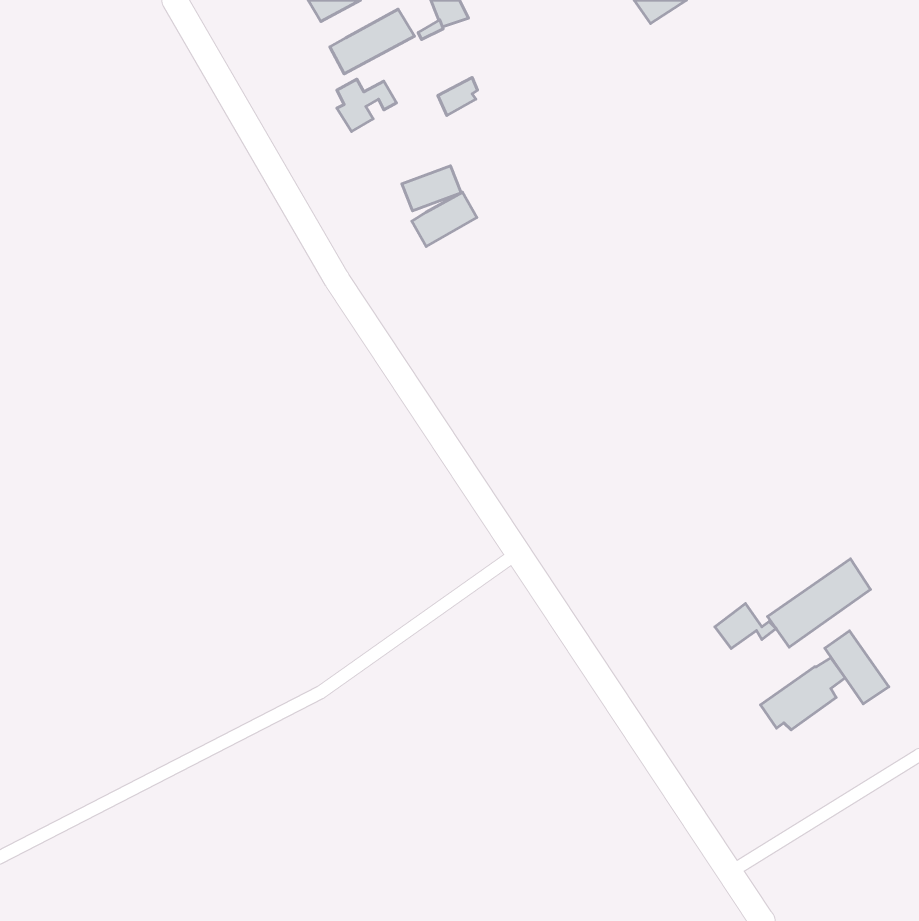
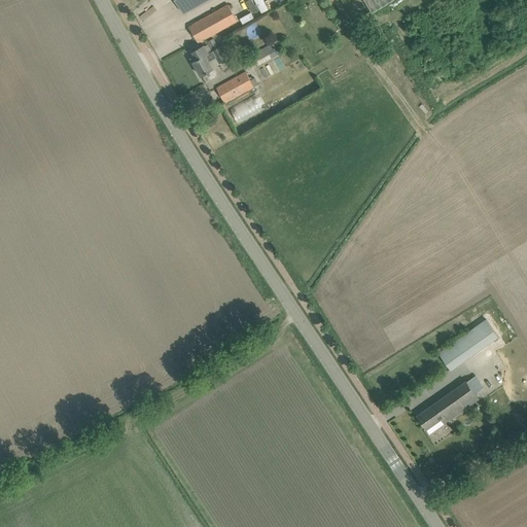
building: [412,192,477,246] -> [216,71,253,102]
building: [715,603,776,648] -> [417,402,452,428]
building: [825,631,889,704] -> none

